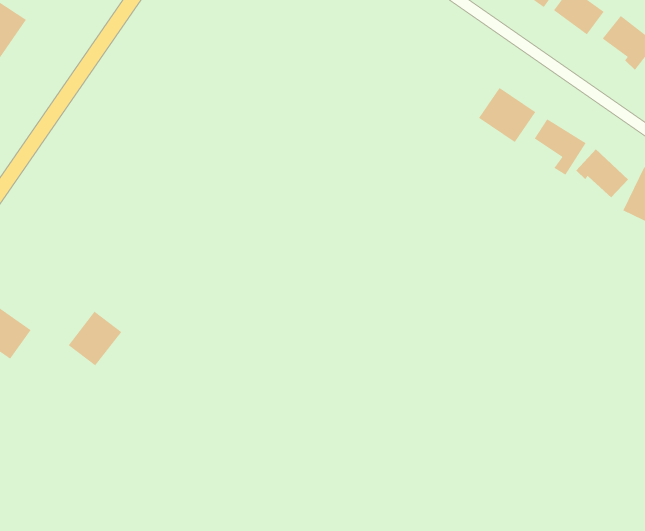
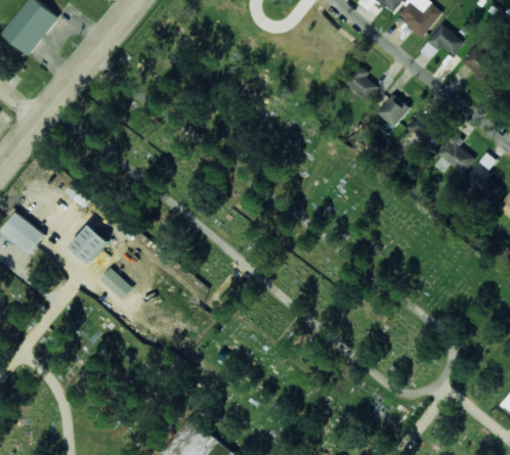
building: none -> [343,65,380,100]
building: none -> [99,268,133,301]

